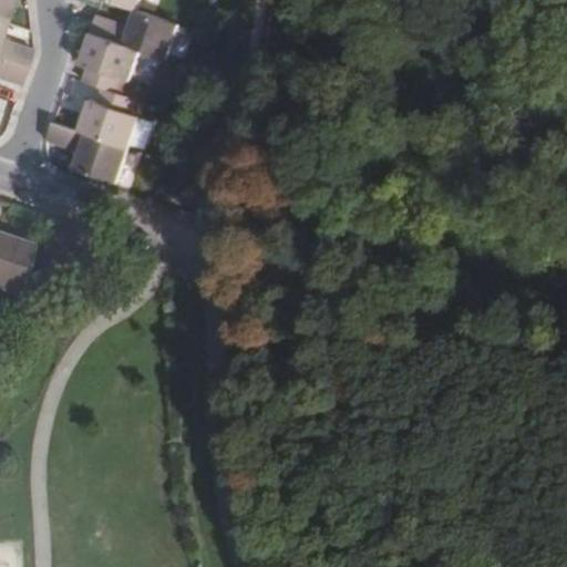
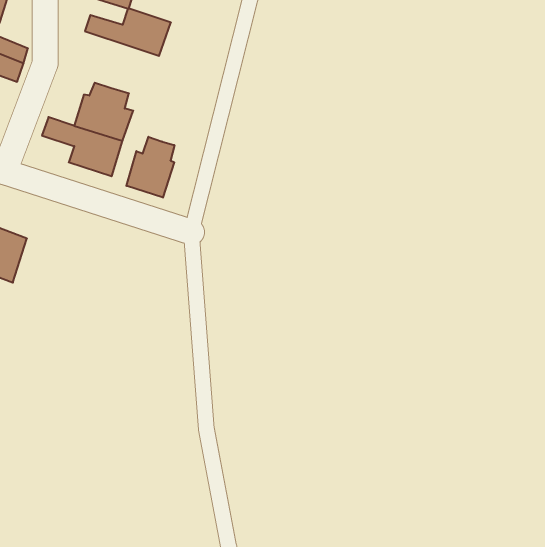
building: [76,32,137,91] -> none
building: none -> [126,137,174,198]

